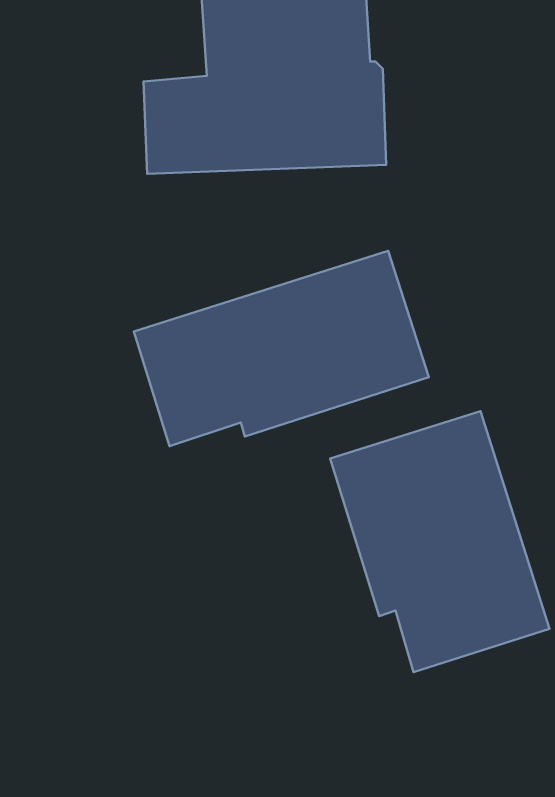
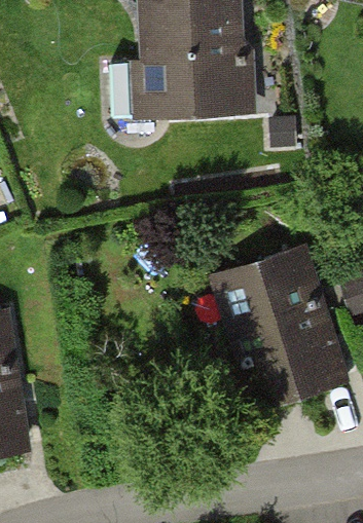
building: [134,251,429,446] -> none

